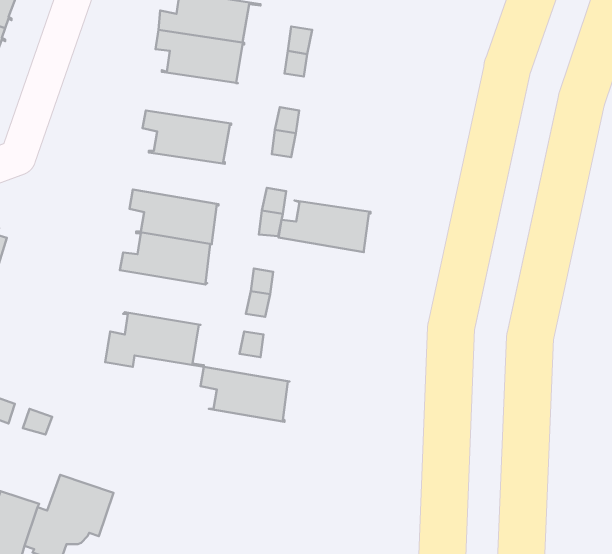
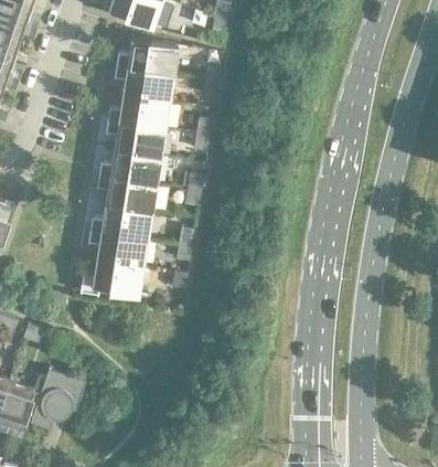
building: none -> [107,94,170,129]
building: [278,201,370,252] -> [98,149,161,184]
building: [201,367,289,422] -> [87,230,148,267]

